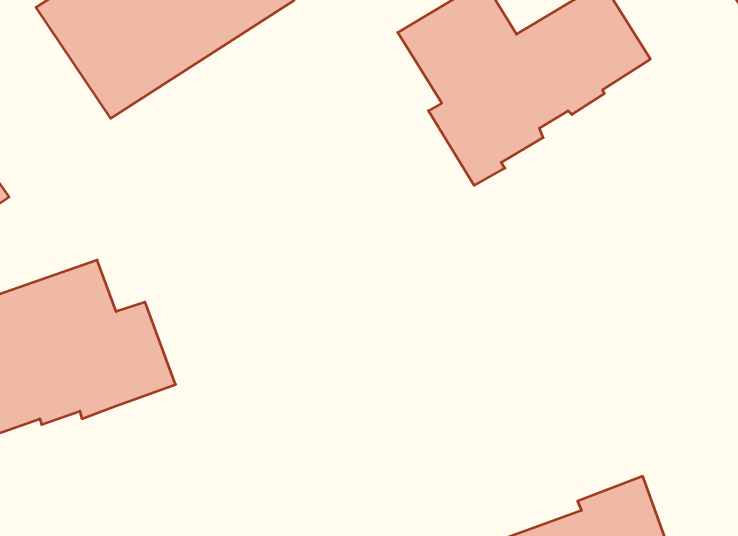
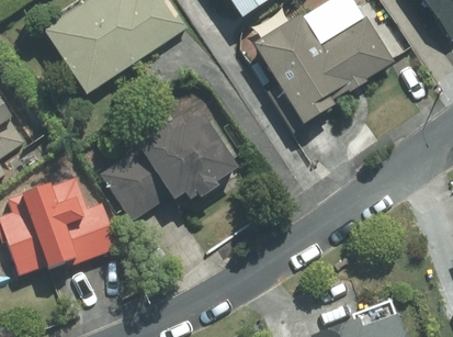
building: none -> [102,109,236,218]

